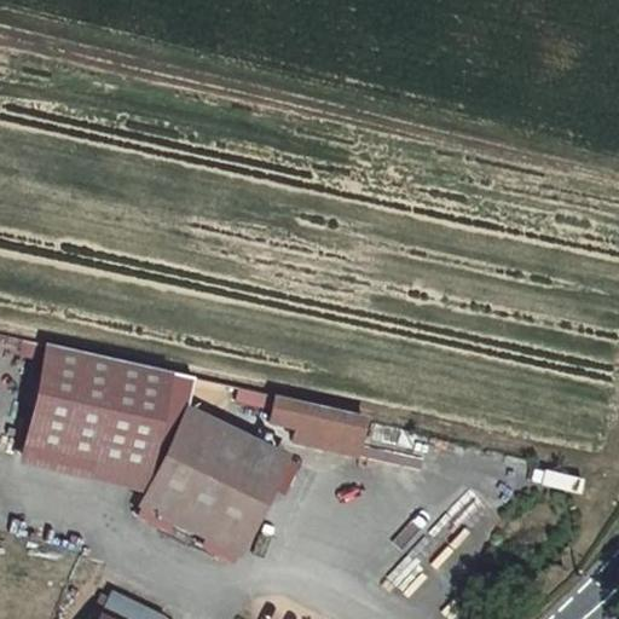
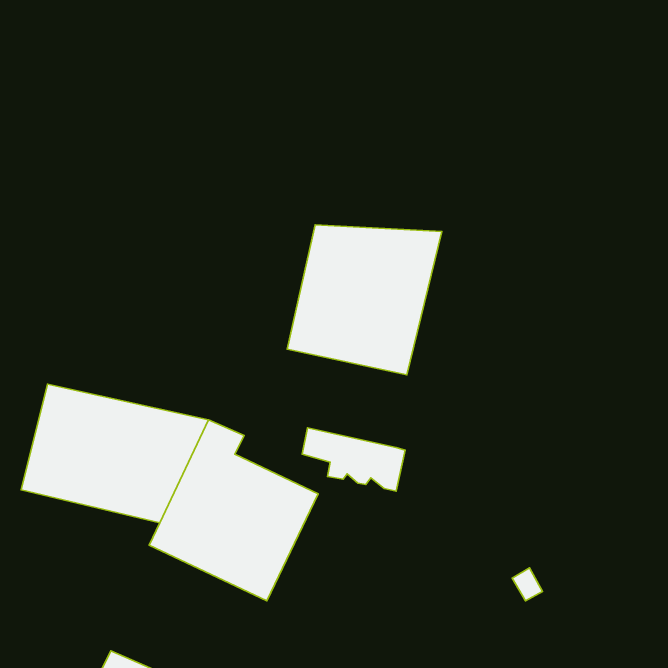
building: none -> [287,225,442,375]

